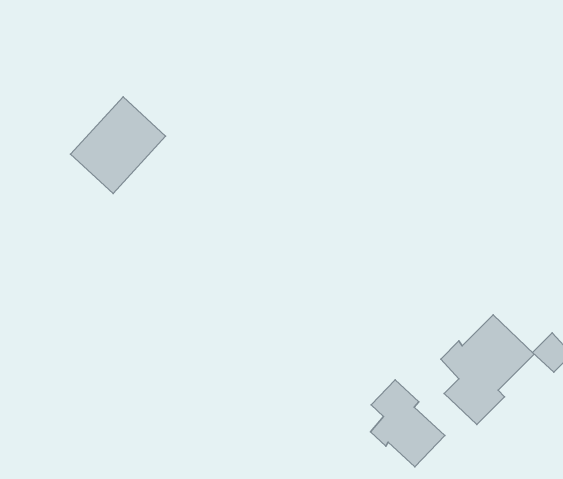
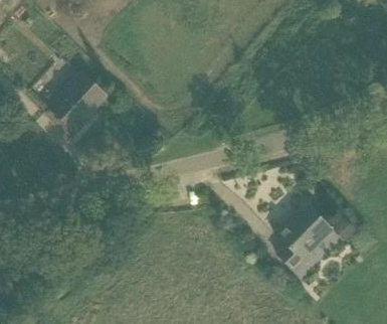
building: [371,380,445,467] -> none

